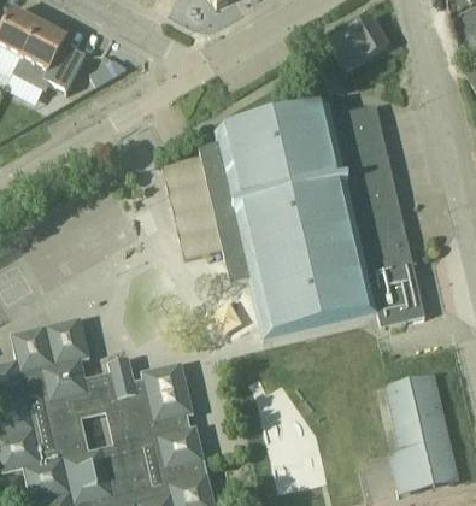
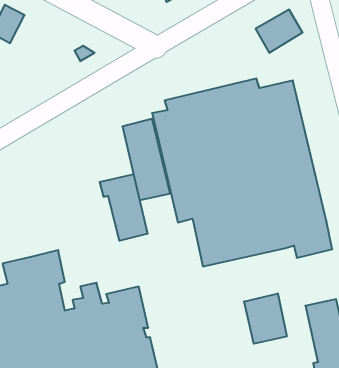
building: [13,20,86,90] -> none
building: none -> [100,174,148,241]
building: none -> [244,293,287,344]

